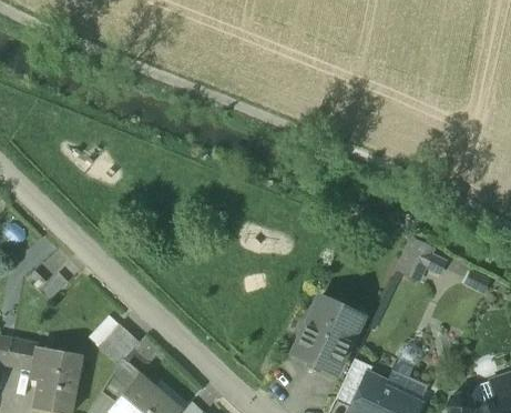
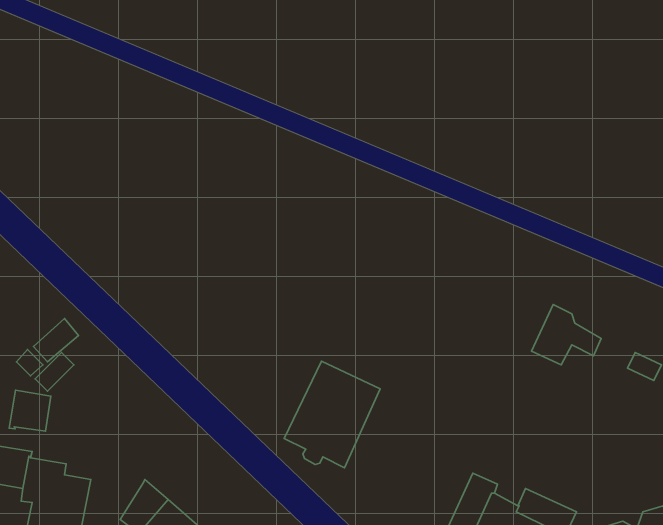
building: [294,298,362,374] -> [284,361,380,468]
building: none -> [9,390,51,431]
building: [99,323,140,365] -> none

